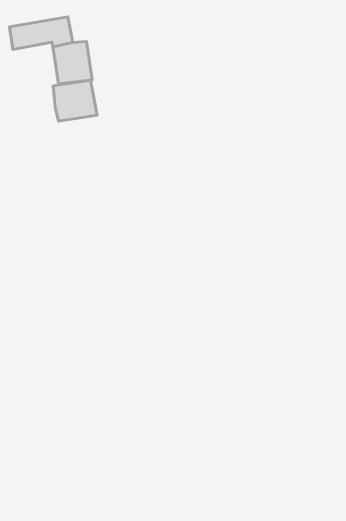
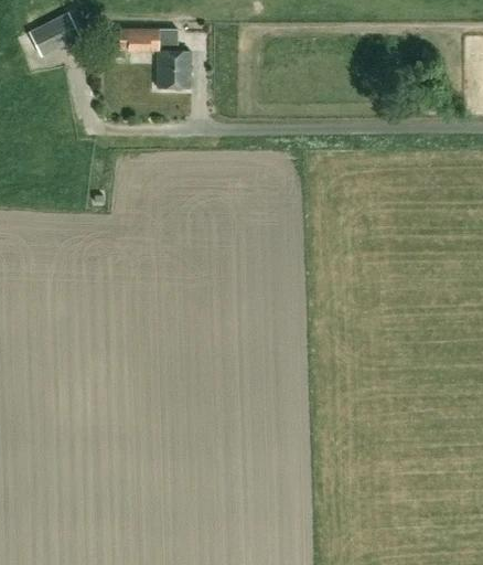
building: [53,80,97,121] -> none

